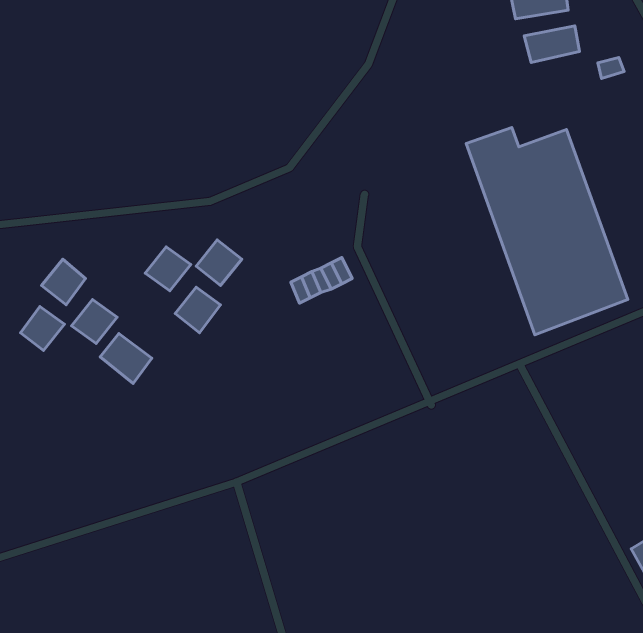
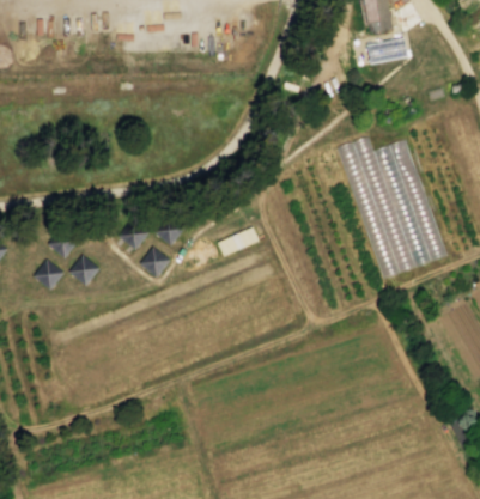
building: [524,26,580,62] -> none
building: [100,334,152,383] -> none

